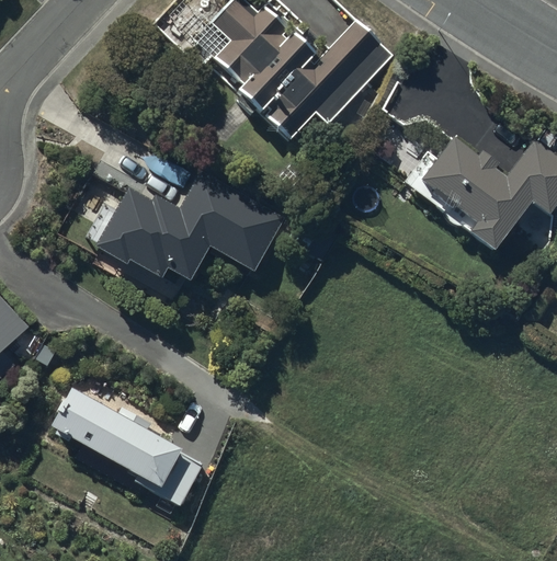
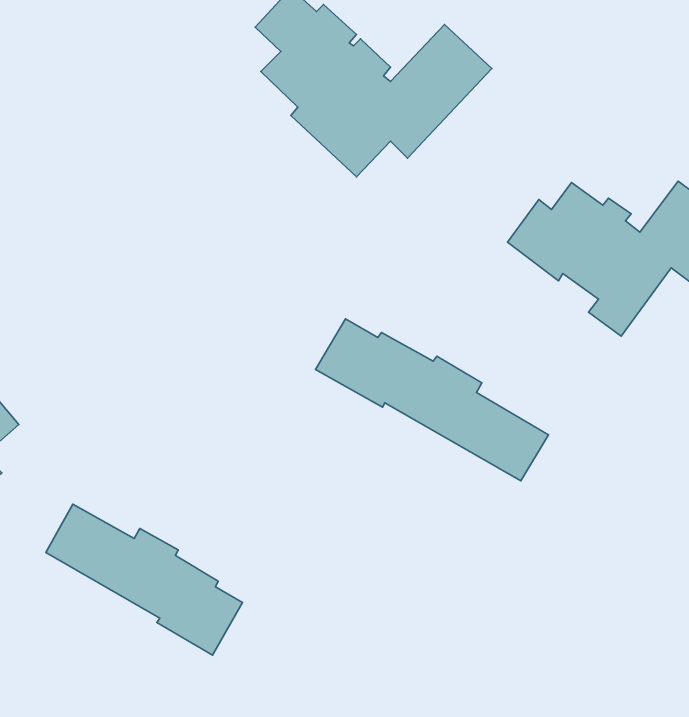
building: [93,169,284,282] -> none
building: none -> [316,319,548,481]

